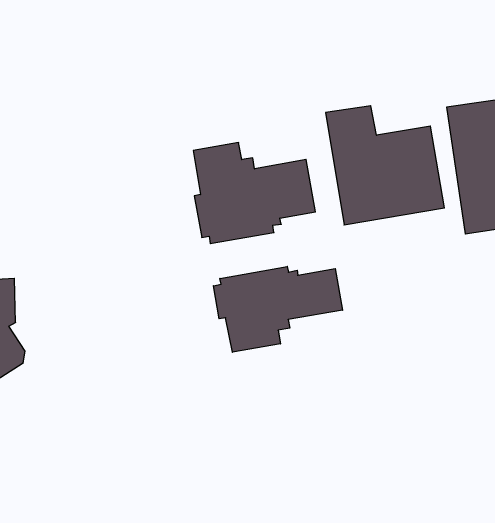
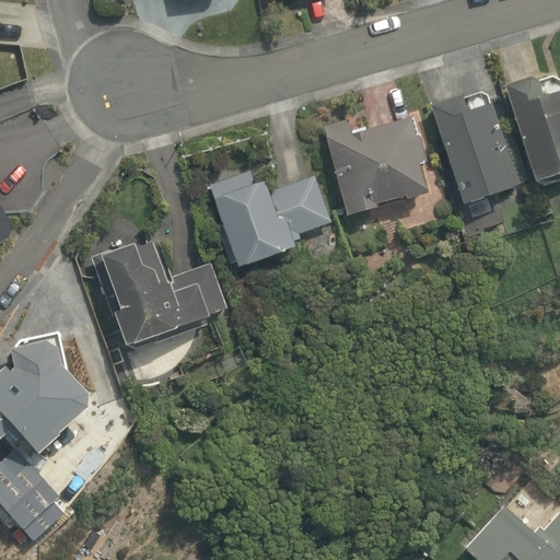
building: none -> [88,242,224,348]
building: [213,266,343,352] -> none

